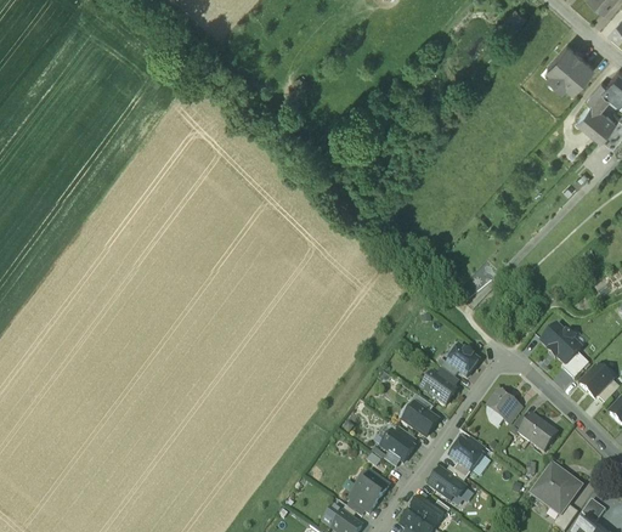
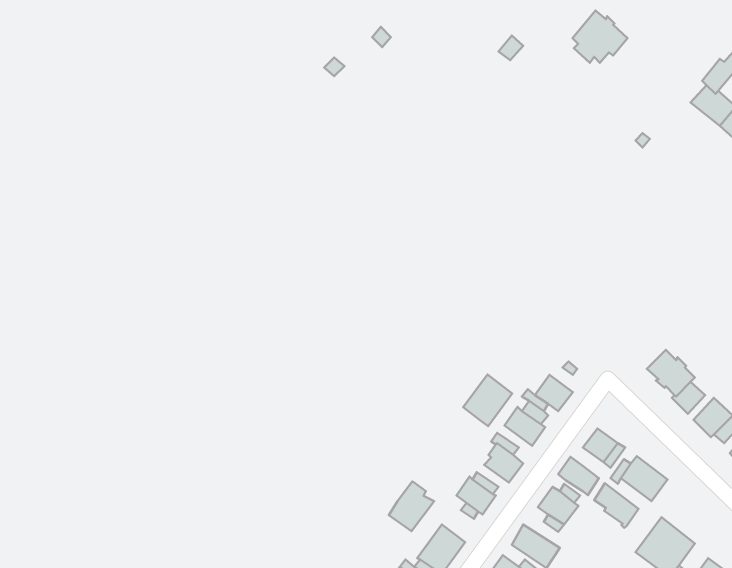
building: [547,44,593,87] -> [572,10,628,63]
building: none -> [463,374,512,426]
building: none -> [558,457,599,495]
building: none -> [389,481,434,531]
building: none -> [594,483,639,528]

